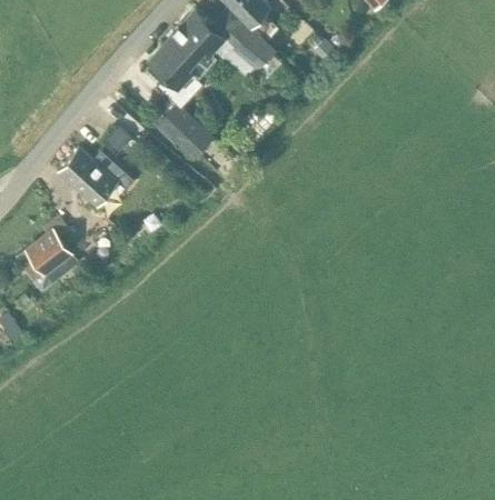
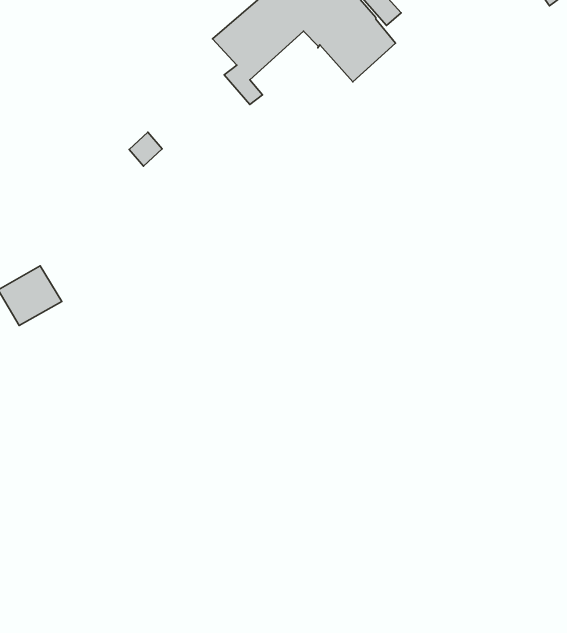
building: [160,108,208,154] -> none
building: [59,150,133,206] -> none

